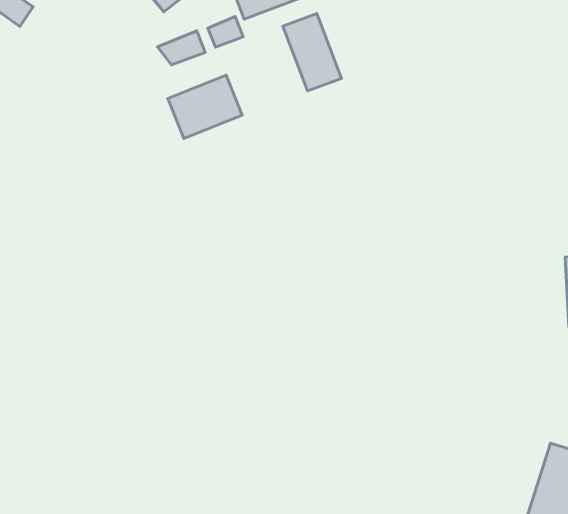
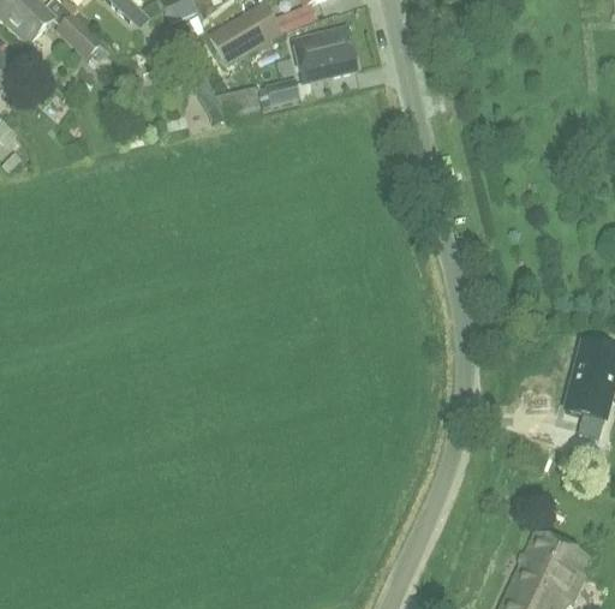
building: [283,14,341,91] -> none
building: [168,75,242,139] -> none

